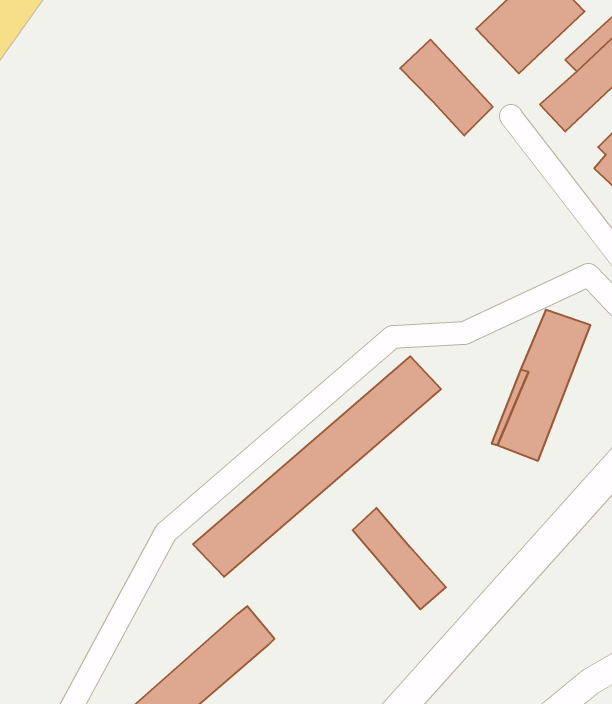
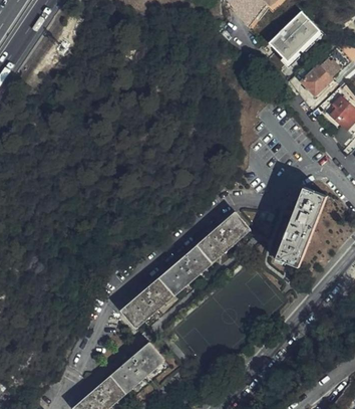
building: [400,40,493,136] -> none
building: [353,508,446,609] -> none

